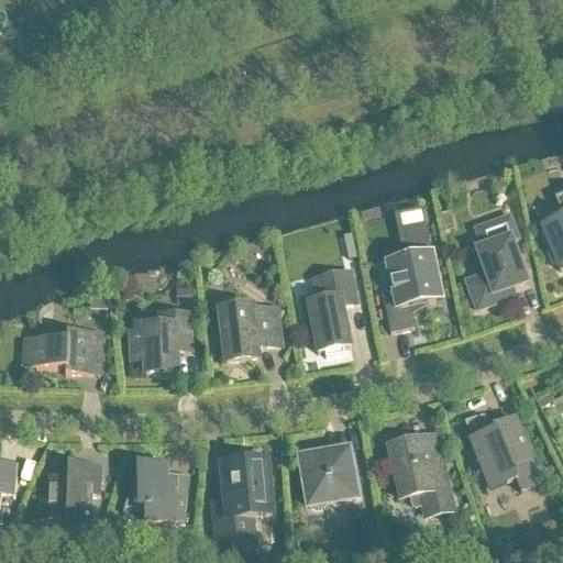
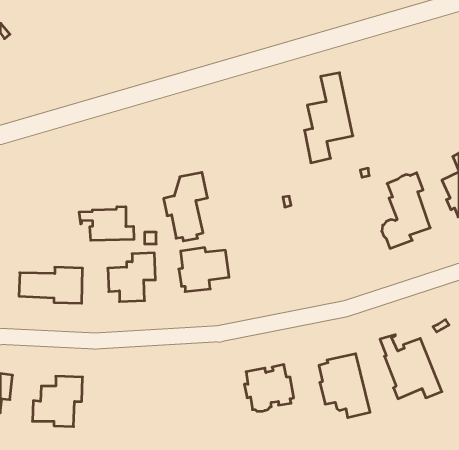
building: [383,218,442,328] -> [304,73,353,163]
building: none -> [79,207,134,240]
building: [302,267,356,351] -> [164,172,208,241]
building: [212,455,272,536] -> none
building: [123,460,187,518] -> none

